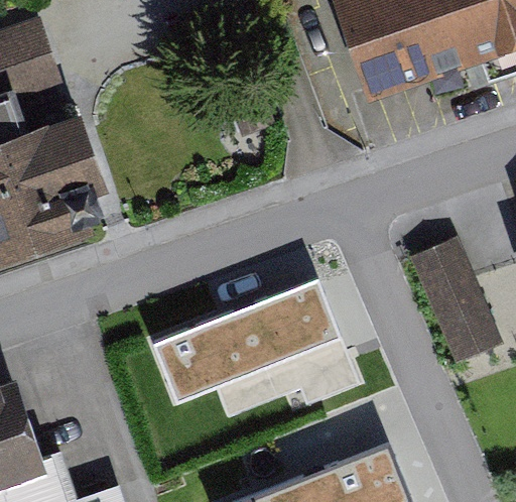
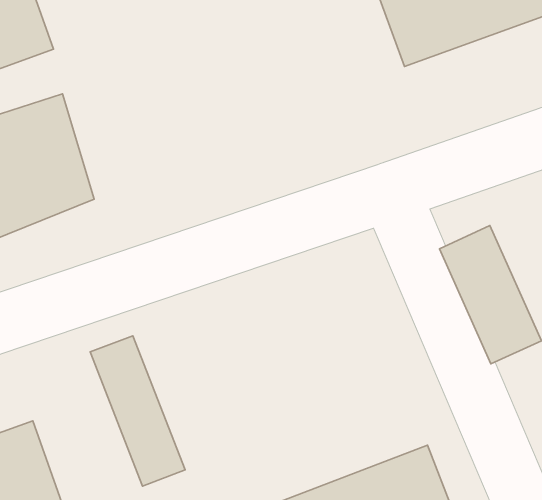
building: [162,274,368,415] -> none
building: none -> [90,336,185,486]

